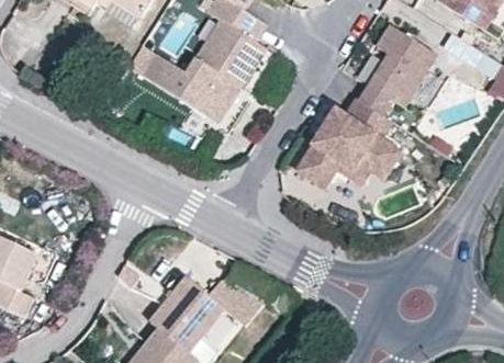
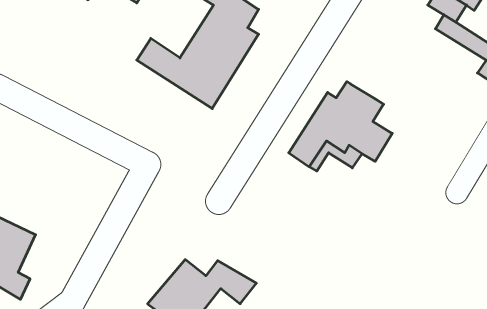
building: [358,25,437,116] -> none

